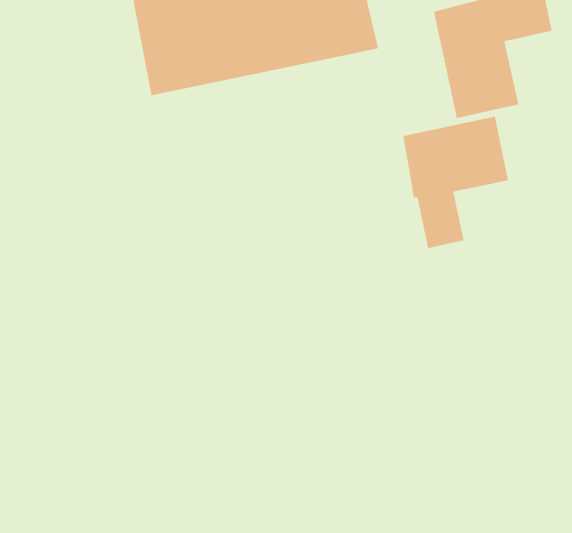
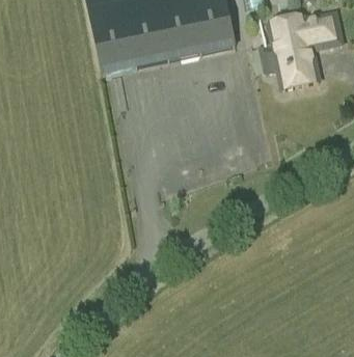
building: [403,116,509,249] -> none

